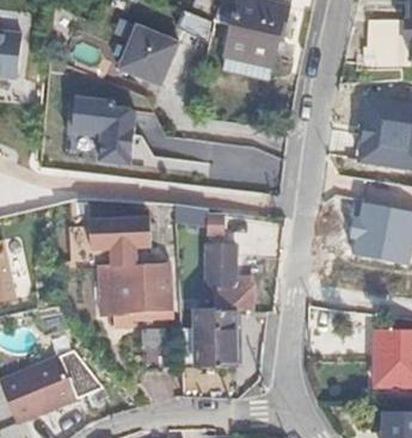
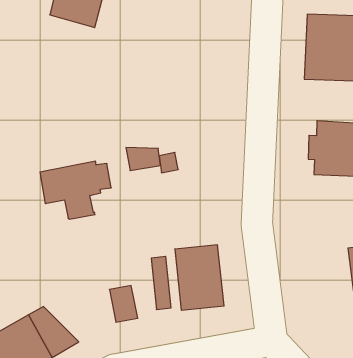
building: [67,101,134,166] -> none
building: [204,243,252,309] -> none
building: [98,261,171,321] -> none

